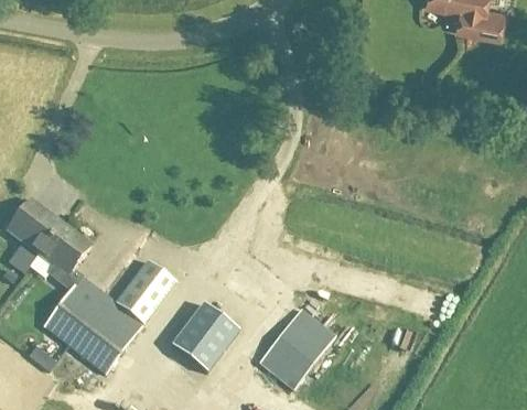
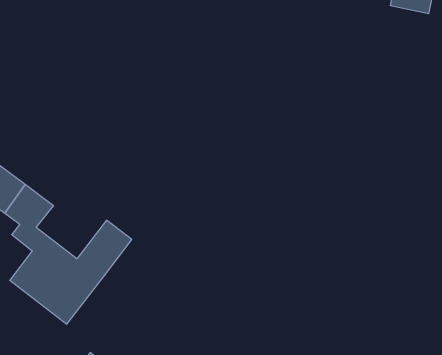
building: [172,302,239,371] -> none
building: [258,306,337,389] -> none

